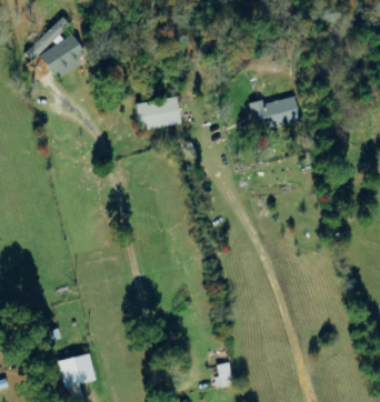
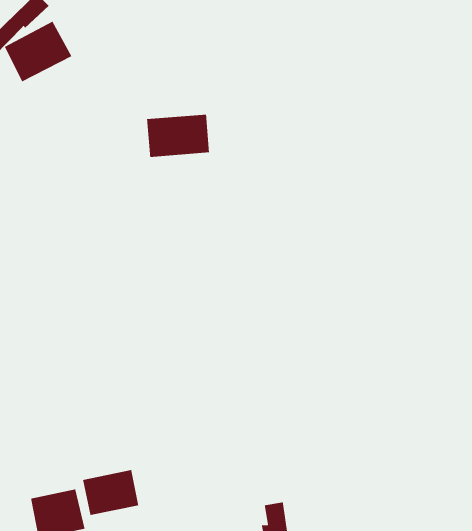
building: [249,97,300,132] -> none
building: none -> [82,469,139,516]

